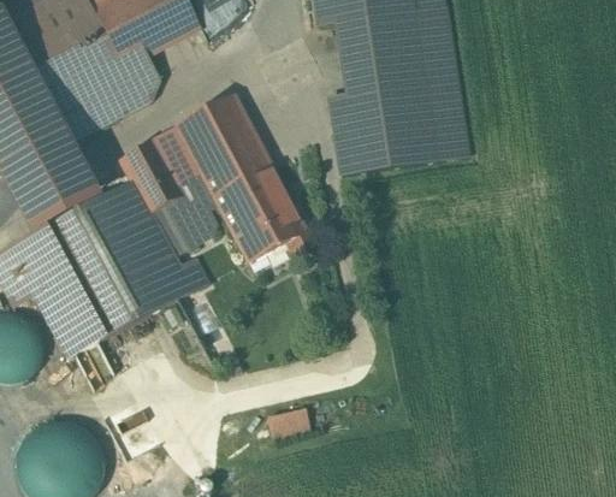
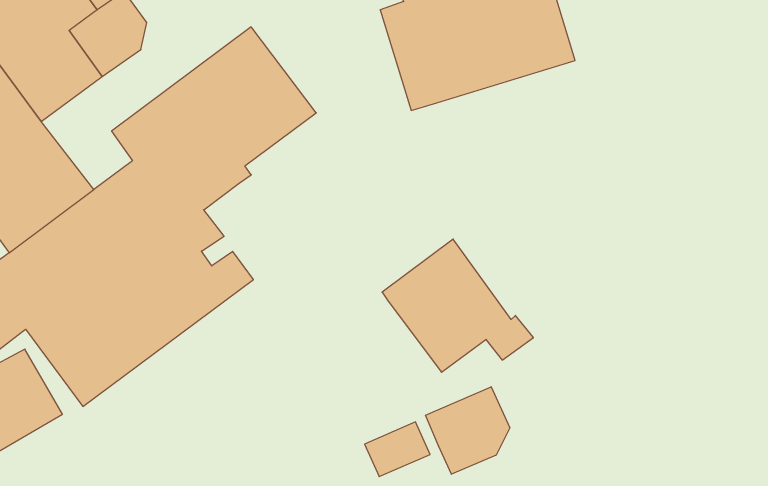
building: [214,165,320,261] -> [382,239,533,372]
building: [179,208,217,245] -> none
building: none -> [426,387,510,474]

